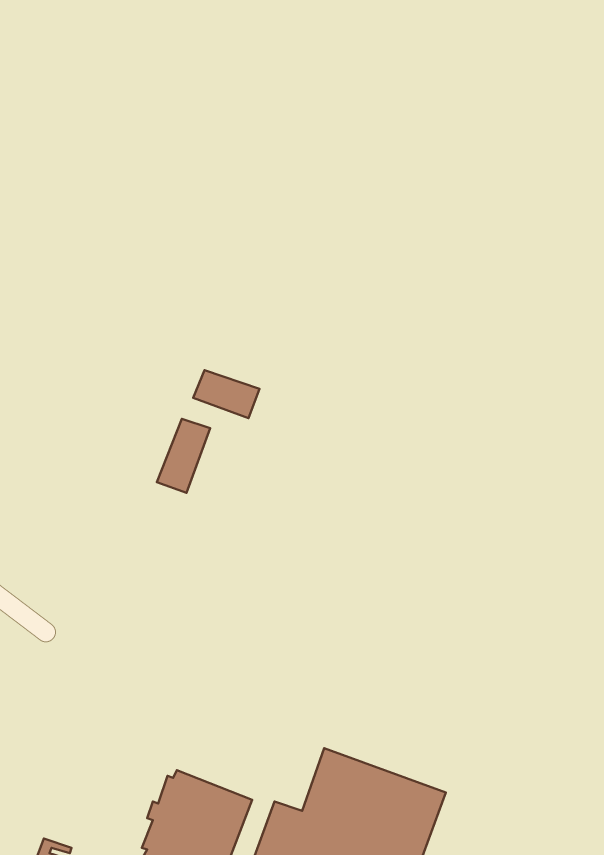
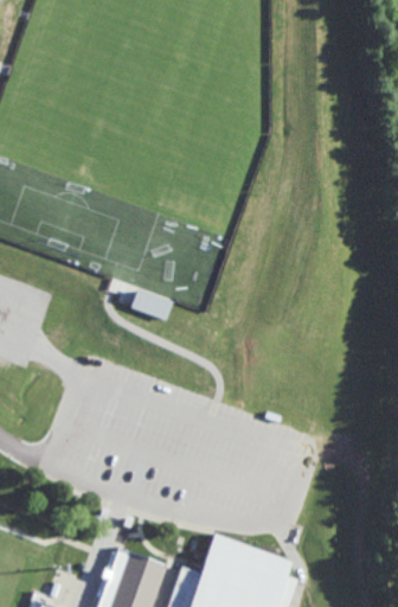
building: [157,419,210,493] -> none

